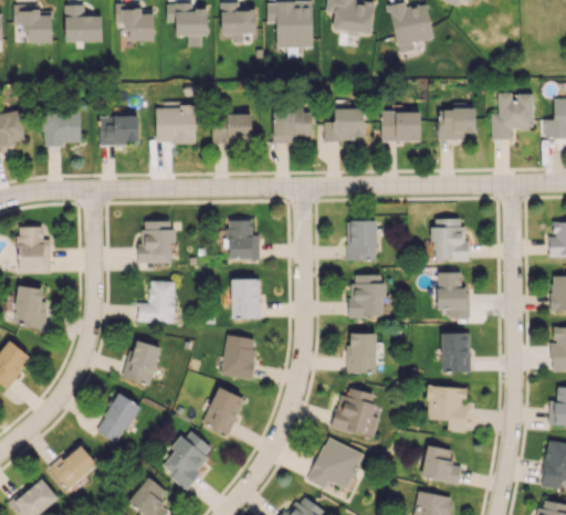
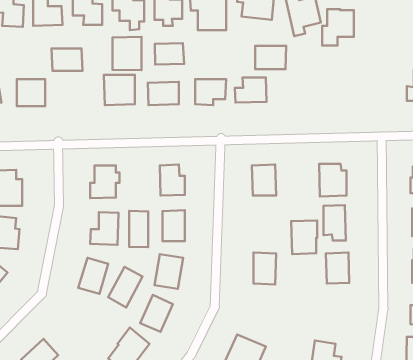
building: none -> [112,37,141,70]
building: none -> [155,43,184,64]
building: [492,93,533,139] -> [322,9,354,45]
building: [439,108,475,140] -> none
building: [381,112,421,141] -> [255,46,286,69]
building: [99,116,139,145] -> [51,48,82,71]
building: [350,274,384,317] -> [291,220,317,254]
building: none -> [129,211,148,247]
building: [427,386,468,431] -> none
building: [332,388,379,438] -> none
building: [95,392,139,444] -> [108,267,143,307]

